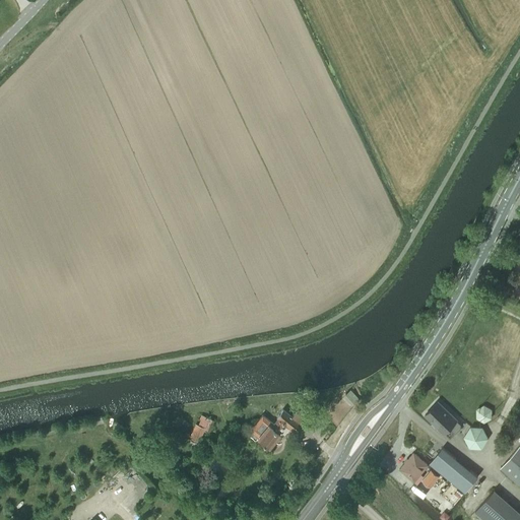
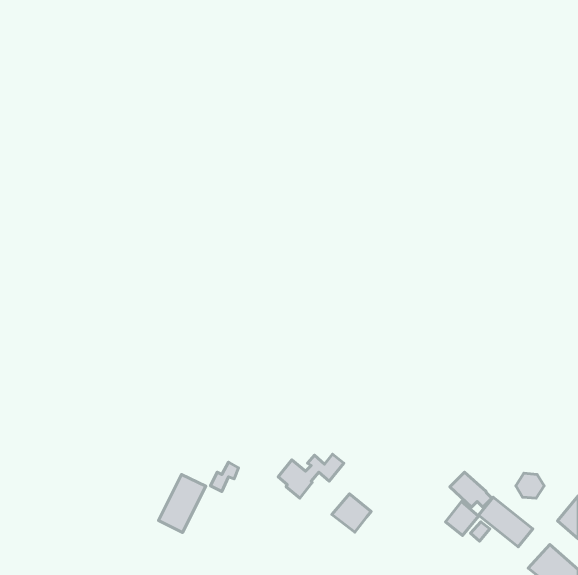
building: [425,403,462,435] -> [450,472,492,507]
building: none -> [158,474,206,533]
building: none -> [332,494,371,532]

